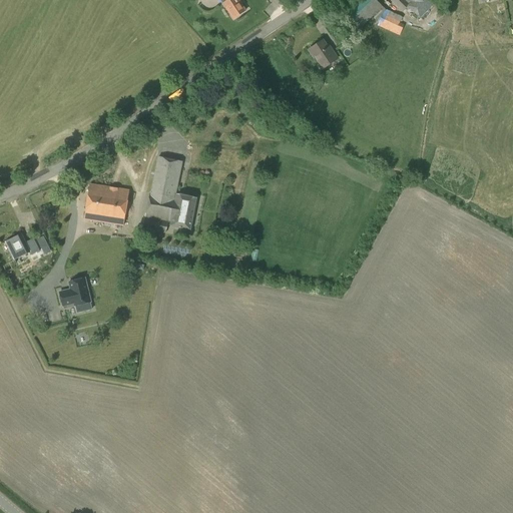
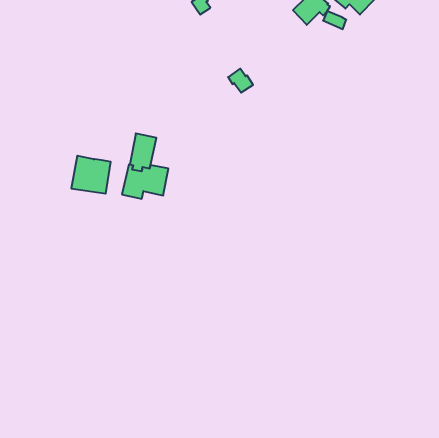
building: [309,38,338,66] -> [228,69,253,93]
building: [5,232,39,258] -> none
building: [59,277,90,305] -> none

